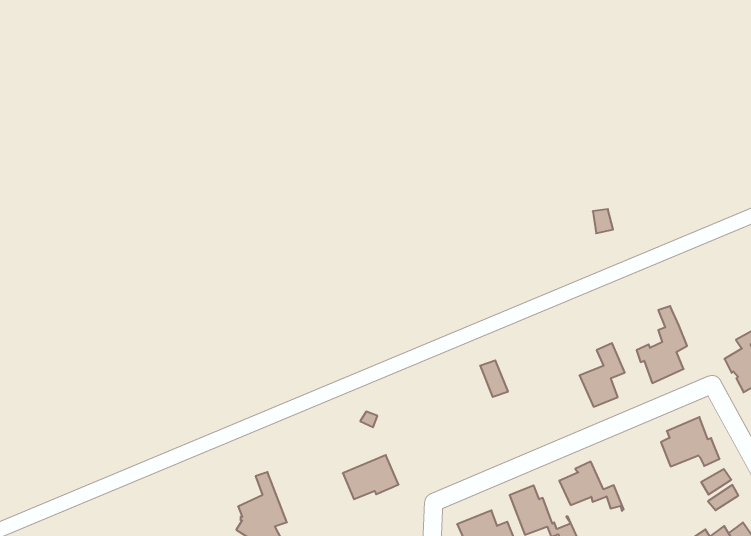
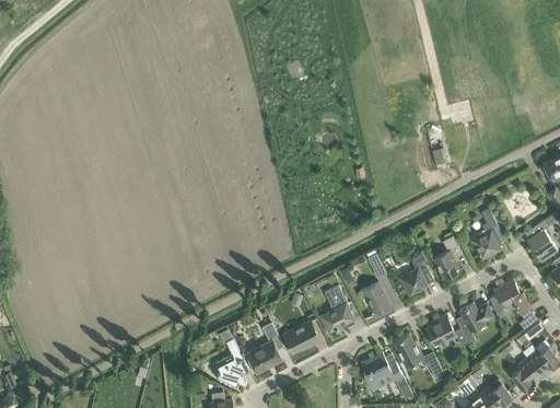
building: none -> [400,249,434,294]
building: none -> [363,281,390,313]
building: none -> [320,284,355,333]
building: none -> [459,302,493,343]
building: none -> [246,322,284,373]

